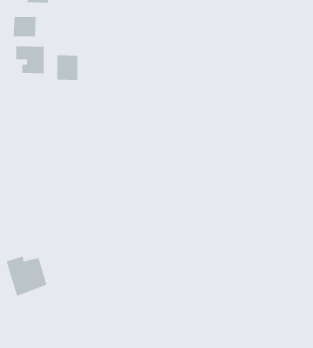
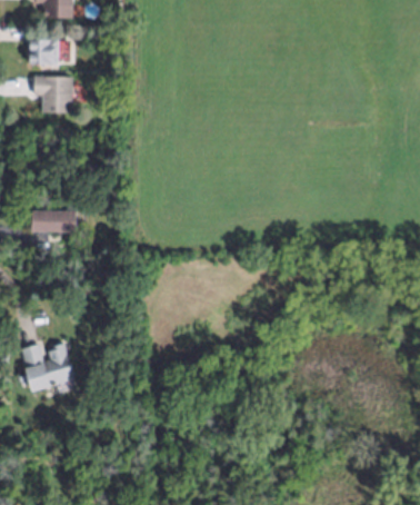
building: [57,55,78,81] -> none
building: none -> [36,217,80,237]

